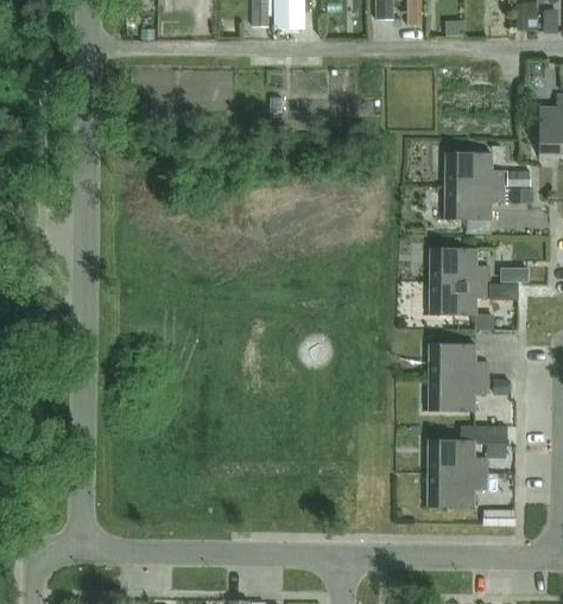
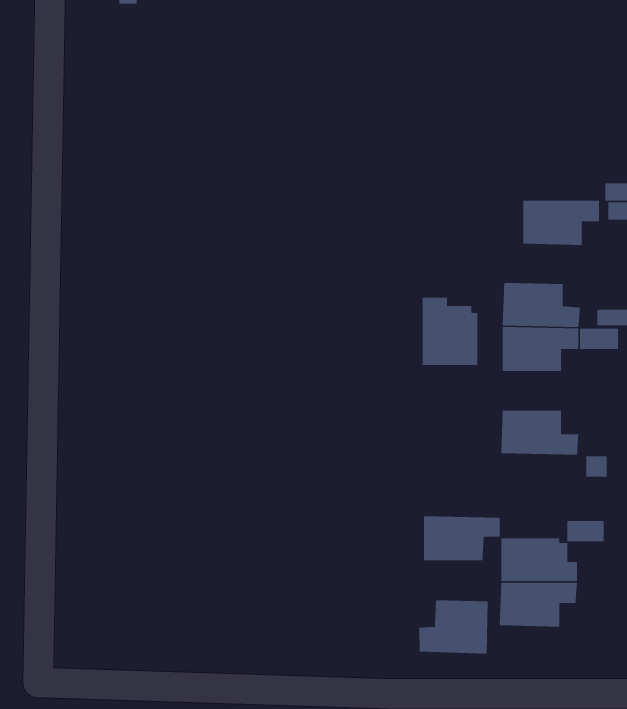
building: [445,151,504,185] -> none
building: none -> [422,297,478,366]
building: [429,376,487,411] -> [423,515,500,561]
building: none -> [419,599,489,655]

